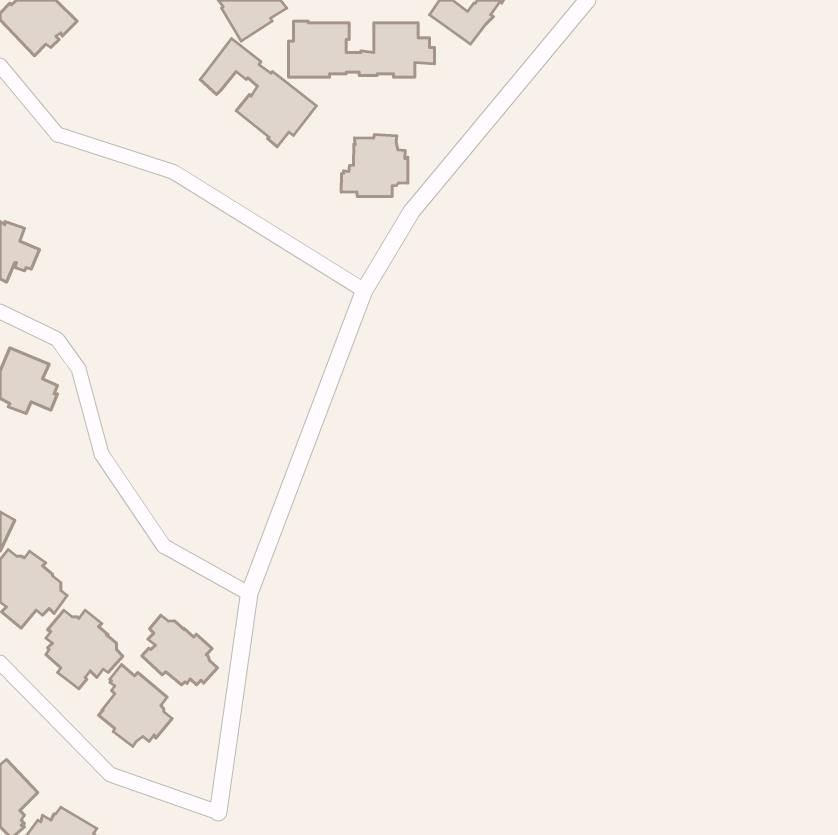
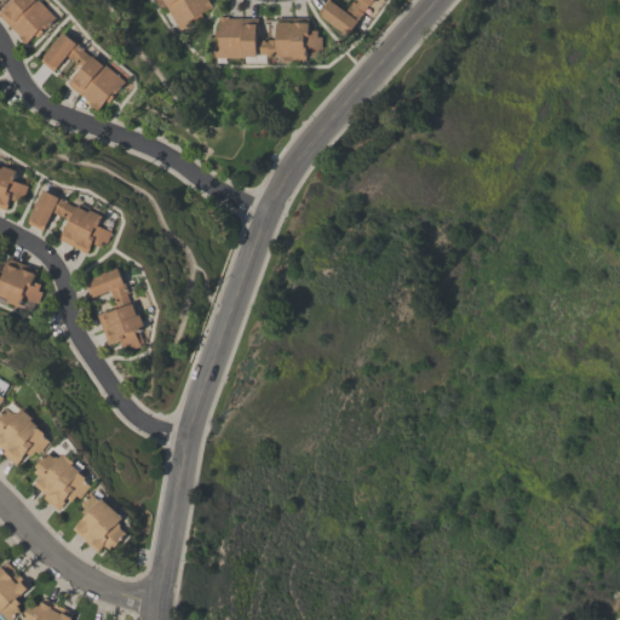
building: [200,39,317,147] -> [40,31,126,111]
building: [341,135,408,197] -> none
building: none -> [28,189,114,254]
building: none -> [84,268,147,351]
building: [142,615,217,685] -> none

